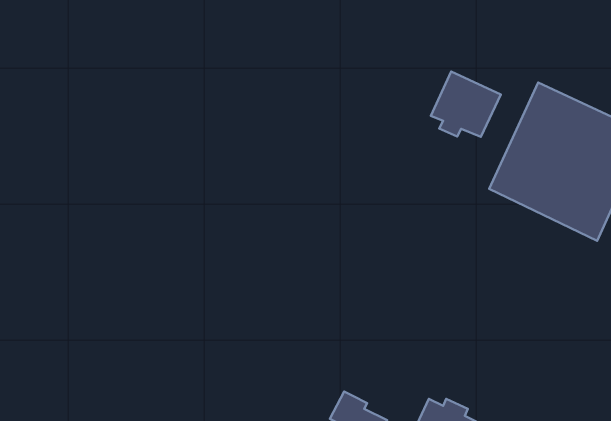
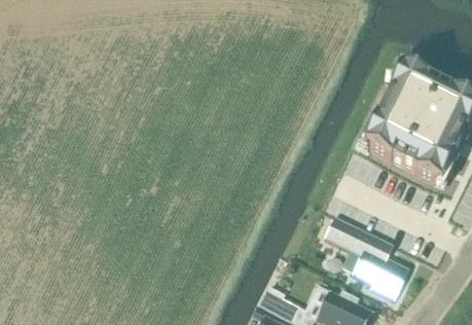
building: [431,72,501,137] -> none
building: none -> [321,217,407,301]

